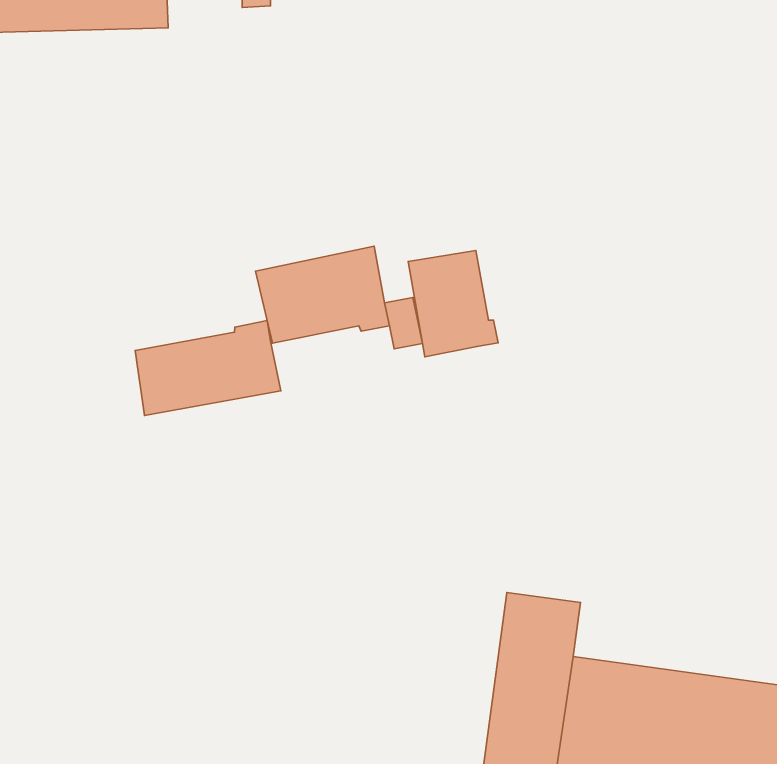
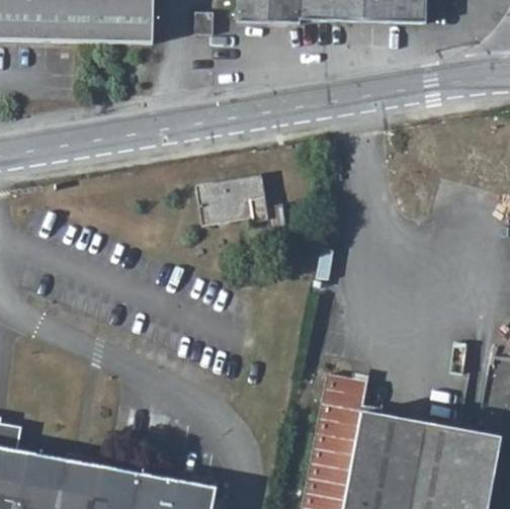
building: [408,251,498,357] -> none
building: [135,321,281,415] -> none

